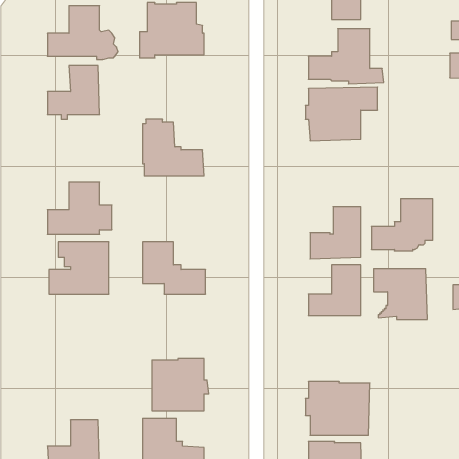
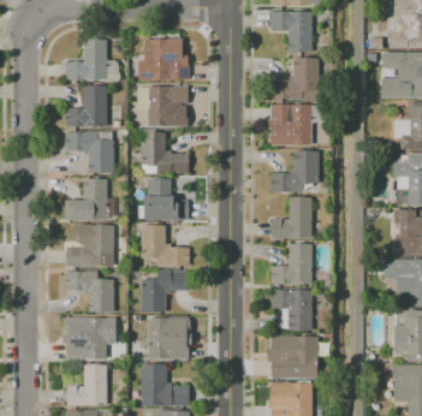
building: none -> [138,85,190,125]
building: none -> [66,131,114,172]
building: none -> [138,178,189,220]
building: [371,199,433,251] -> [271,150,319,191]
building: [374,269,427,319] -> [271,290,313,329]
building: none -> [65,269,114,311]
building: none -> [141,269,188,311]
building: none -> [64,317,117,358]

